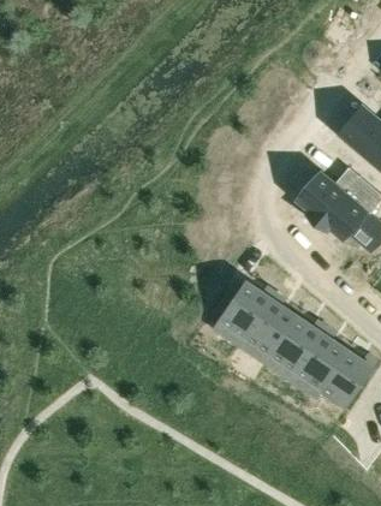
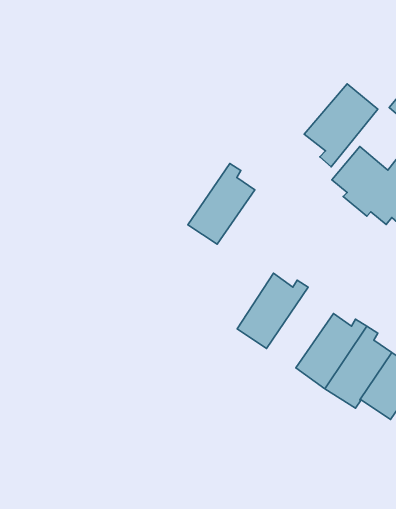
building: none -> [304,84,378,167]
building: [239,292,297,362] -> [188,164,255,244]

